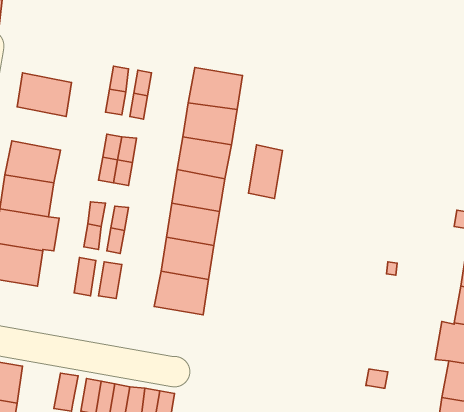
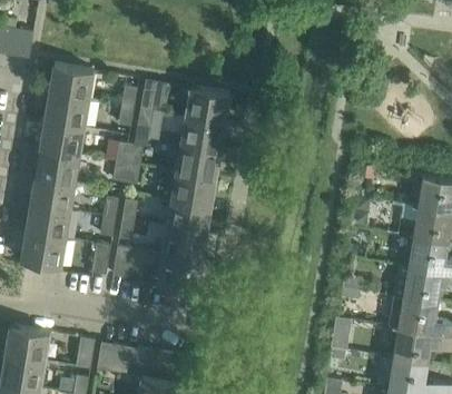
building: none -> [49,63,94,99]
building: none -> [40,119,85,155]
building: [249,145,283,199] -> none

